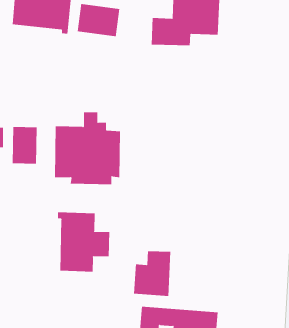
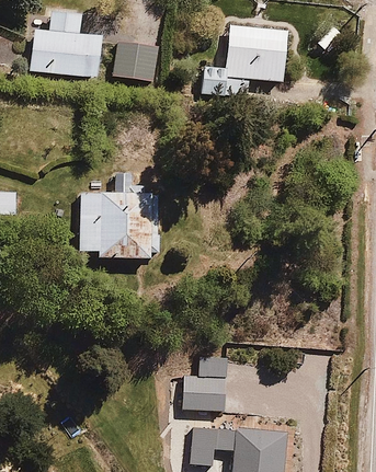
building: [12,126,37,165] -> none
building: [57,211,110,273] -> none

